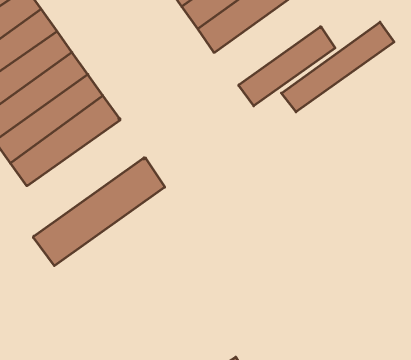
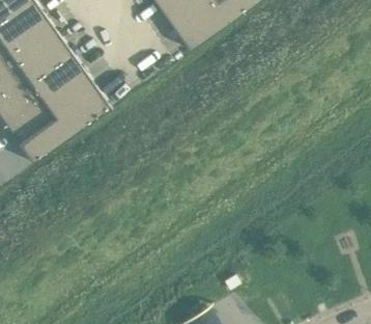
building: [281,22,394,112] -> none
building: [239,27,335,106] -> none
building: [33,158,165,266] -> none

